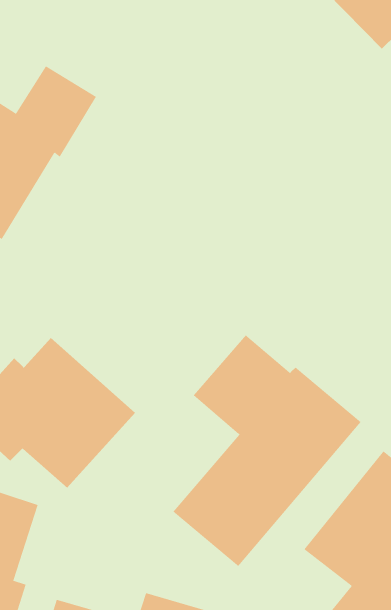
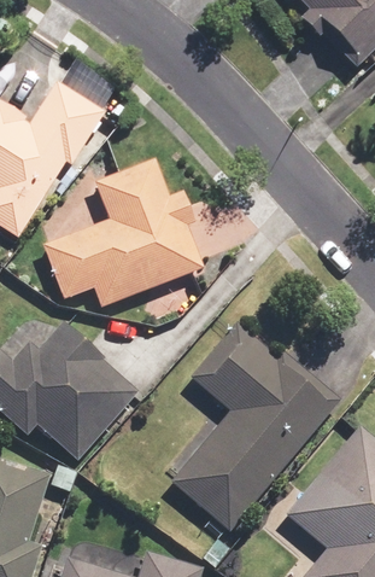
building: none -> [42,158,203,307]

